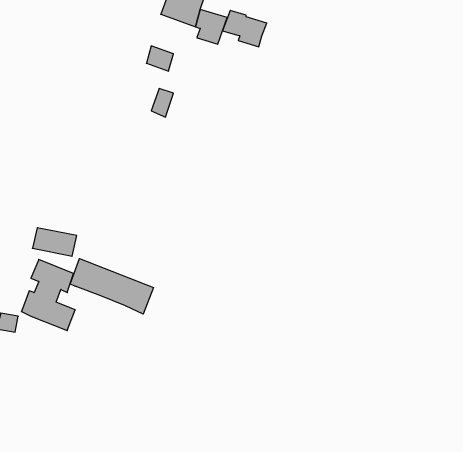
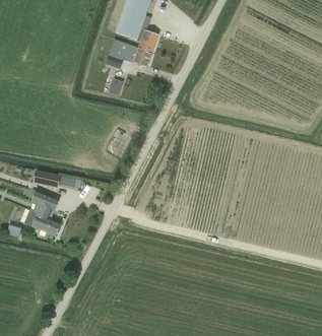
building: [222,10,267,47] -> [123,44,151,67]
building: [70,259,153,314] -> none

